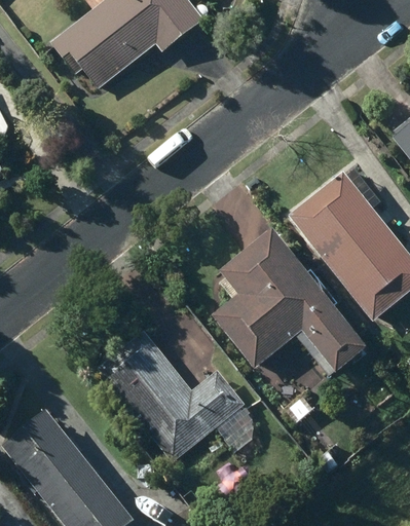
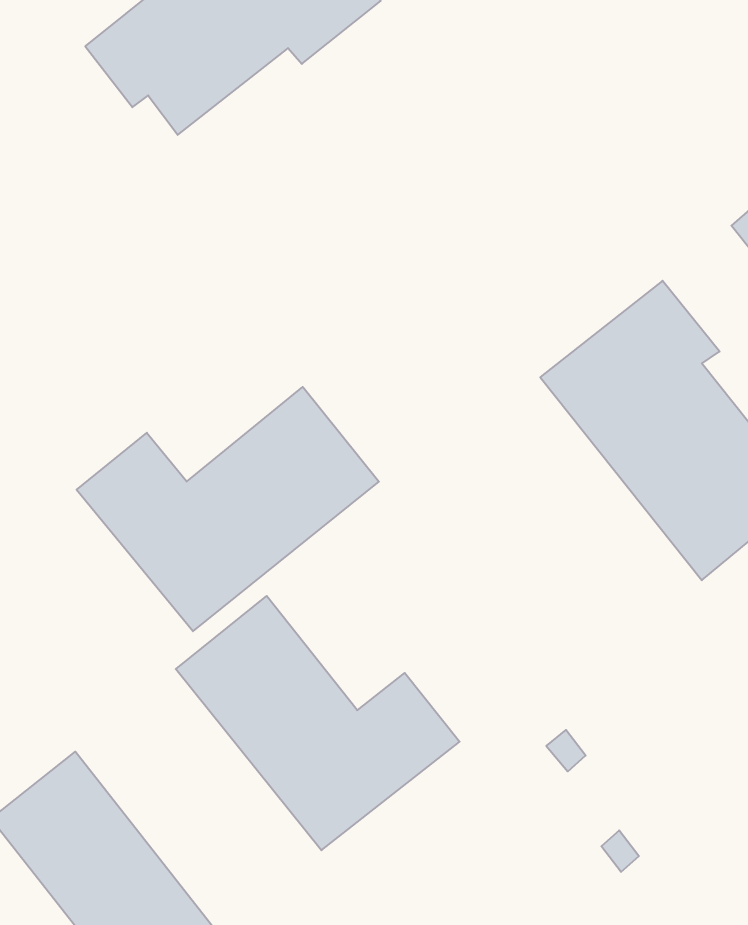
building: none -> [77,387,379,631]
building: [211,227,366,376] -> none

